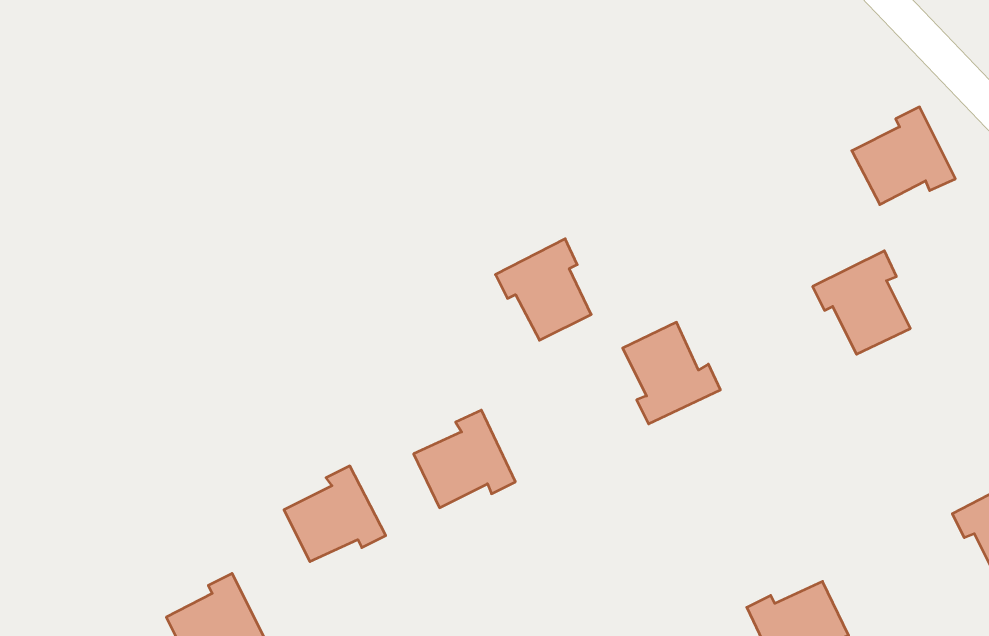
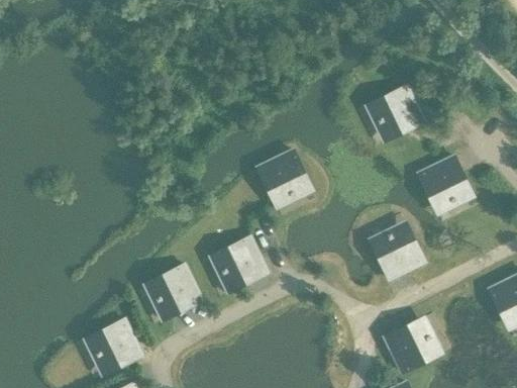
building: [852,107,955,205] -> [371,86,423,135]
building: [623,322,720,424] -> [375,227,424,279]

